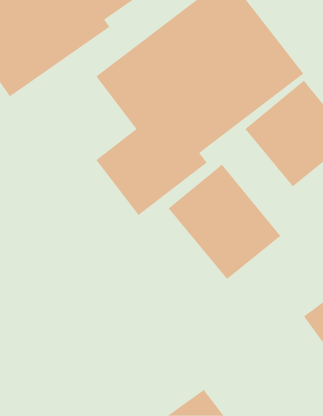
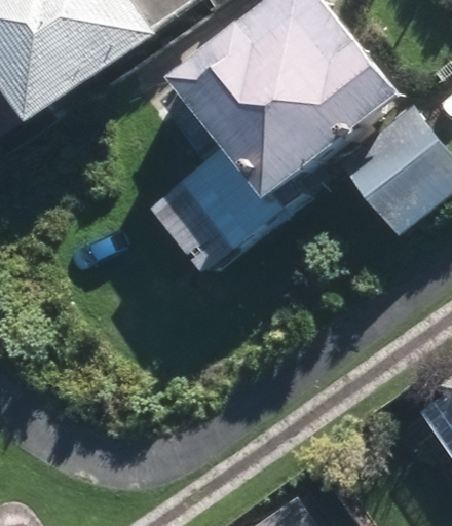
building: [168,164,281,280] -> none

